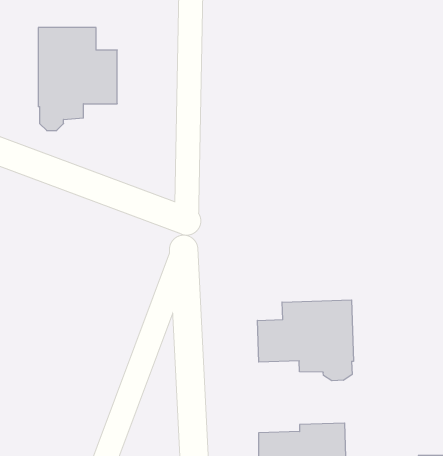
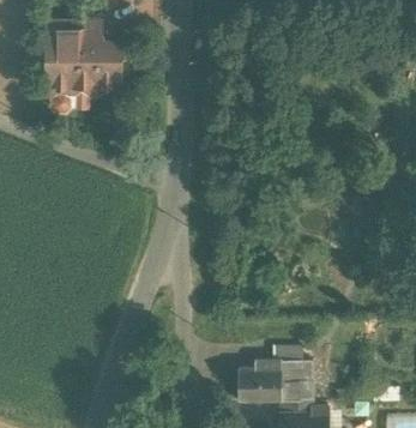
building: [257,300,353,381] -> none

